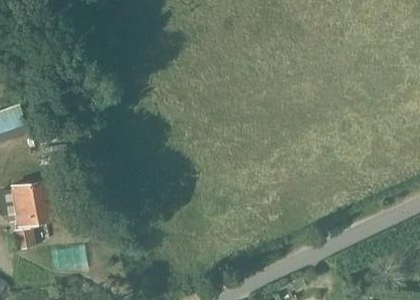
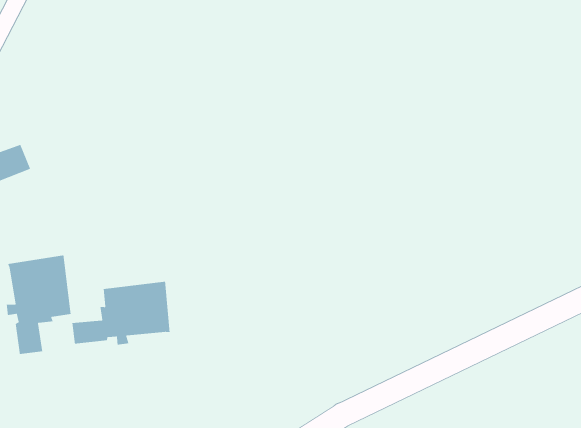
building: none -> [72,281,170,345]

